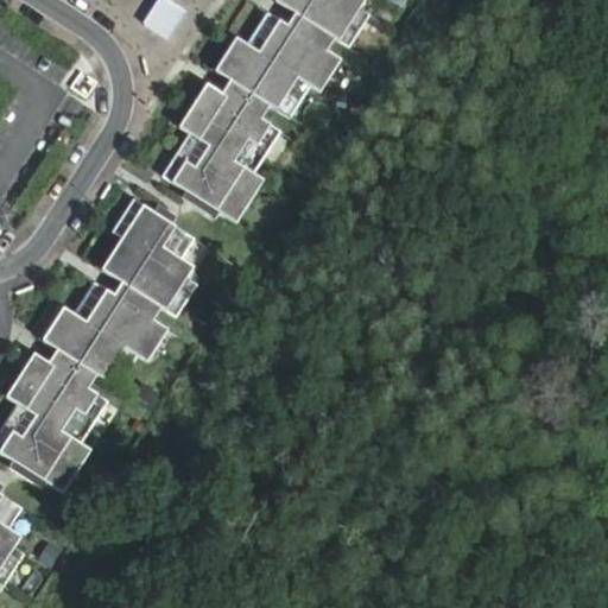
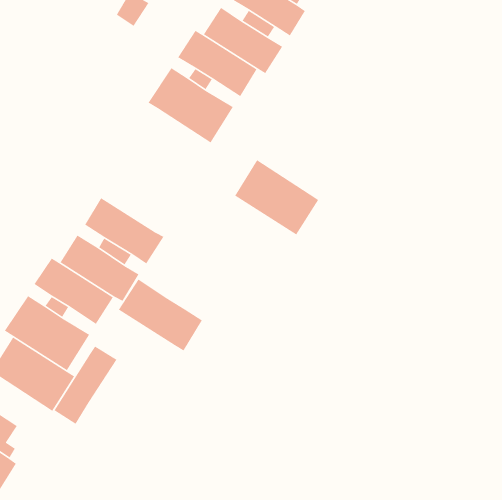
building: [162,131,264,222] -> [234,159,319,235]
building: [112,197,208,278] -> none
building: none -> [118,279,203,352]
building: none -> [53,345,117,425]

